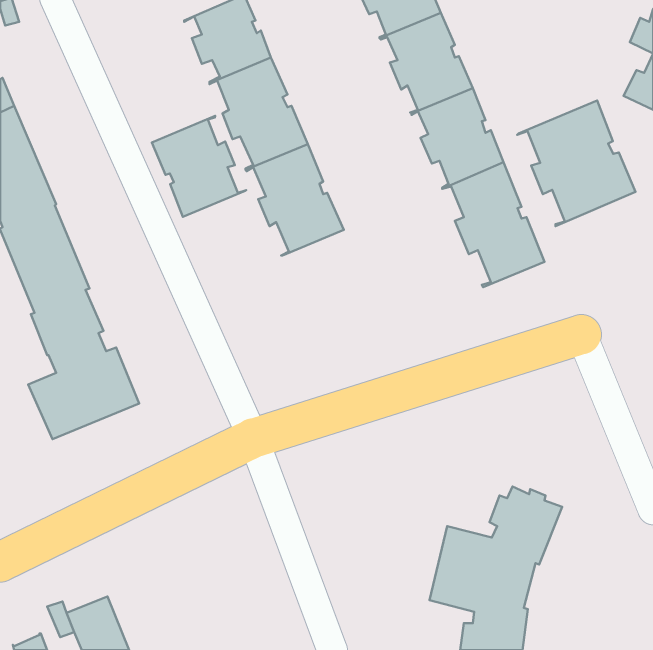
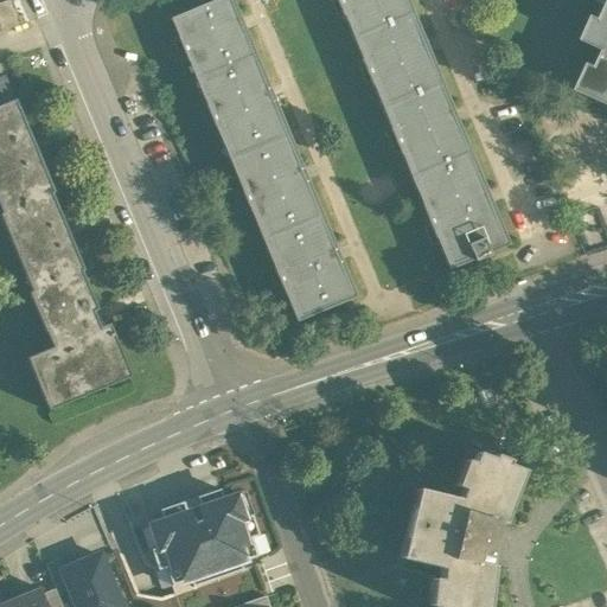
building: [517,101,635,226] -> none
building: [152,116,246,217] -> none
building: none -> [262,213,352,318]
building: none -> [149,490,257,587]

